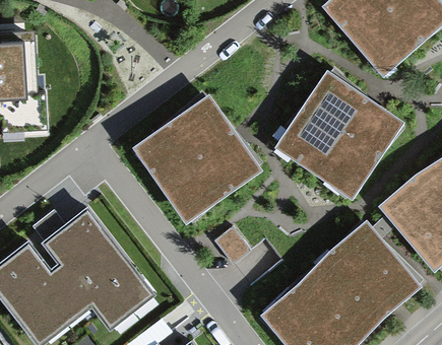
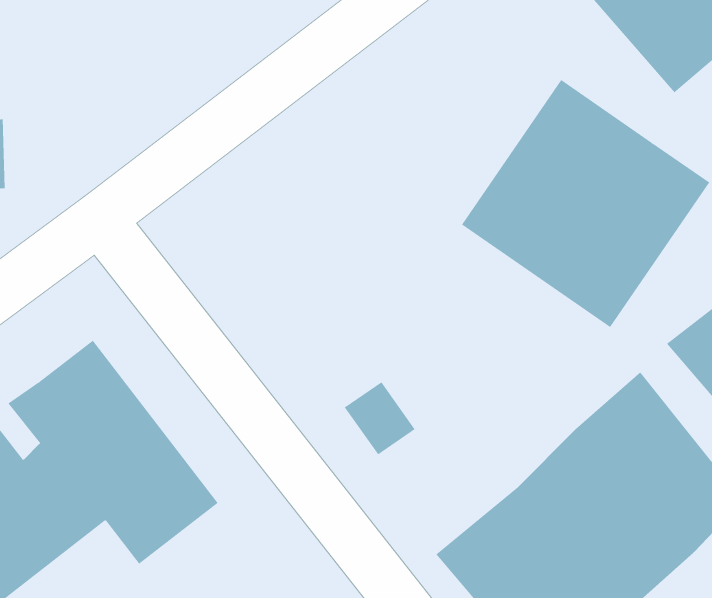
building: [133,96,258,222] -> none

